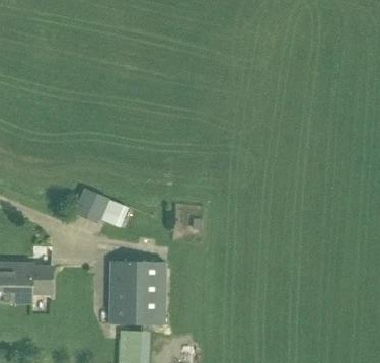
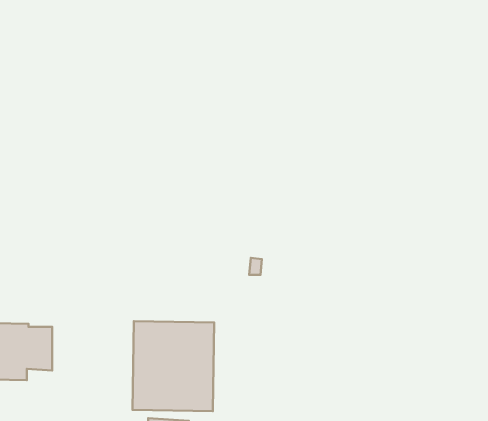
building: [74,188,125,224] -> none

